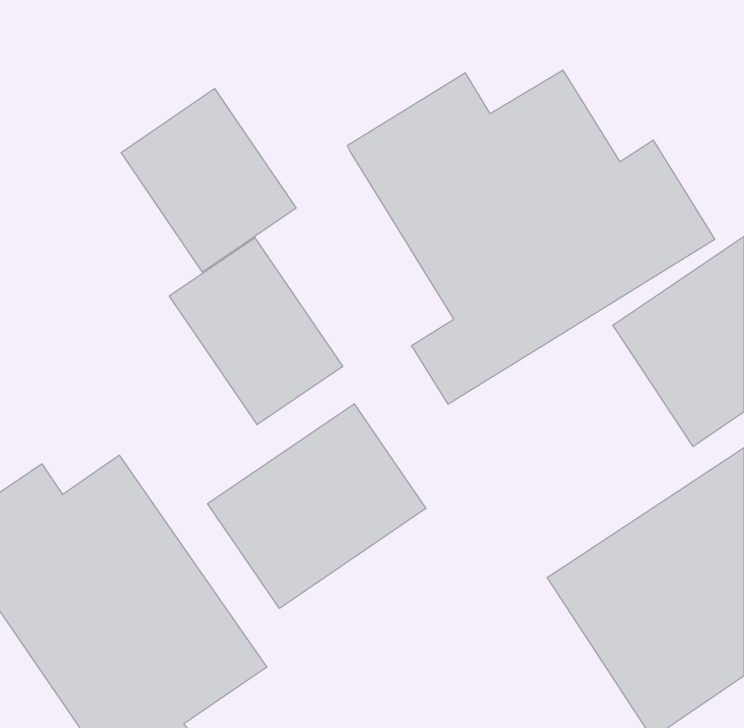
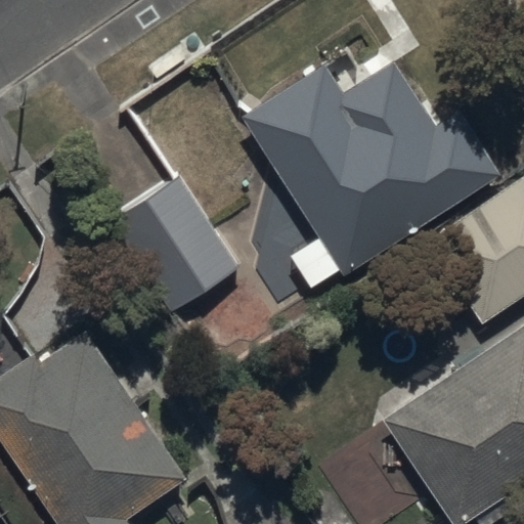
building: [121,89,296,272] -> none
building: [208,404,426,608] -> none

